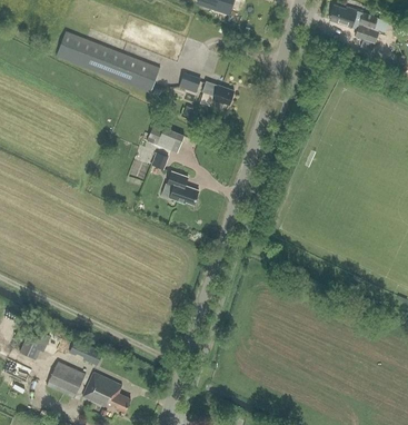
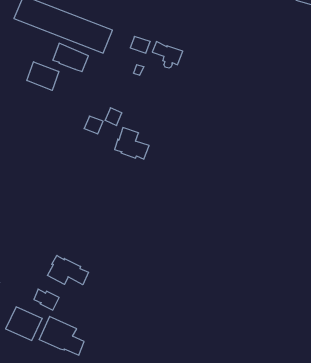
building: none -> [27,62,59,90]
building: [146,122,183,152] -> [53,43,88,72]
building: none -> [47,255,88,285]

